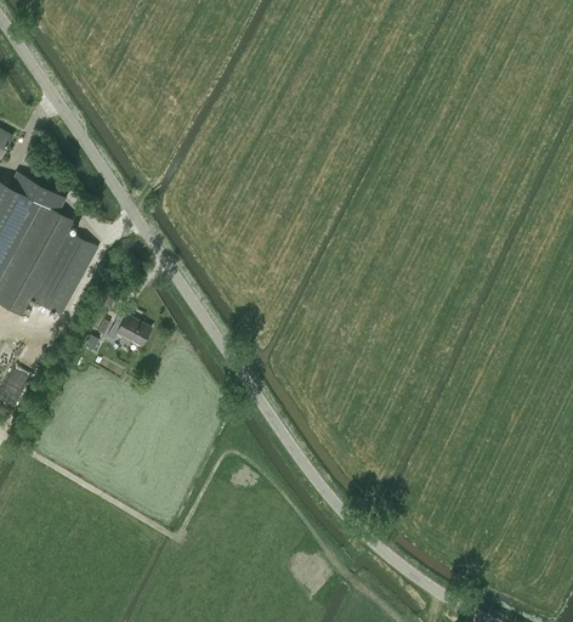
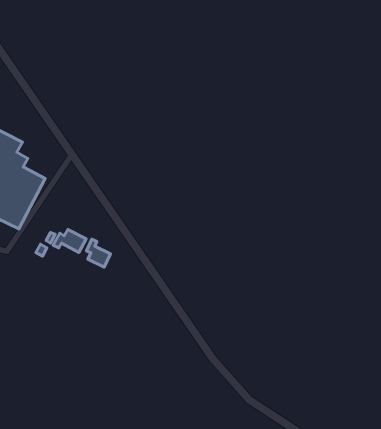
building: none -> [86,239,110,267]

